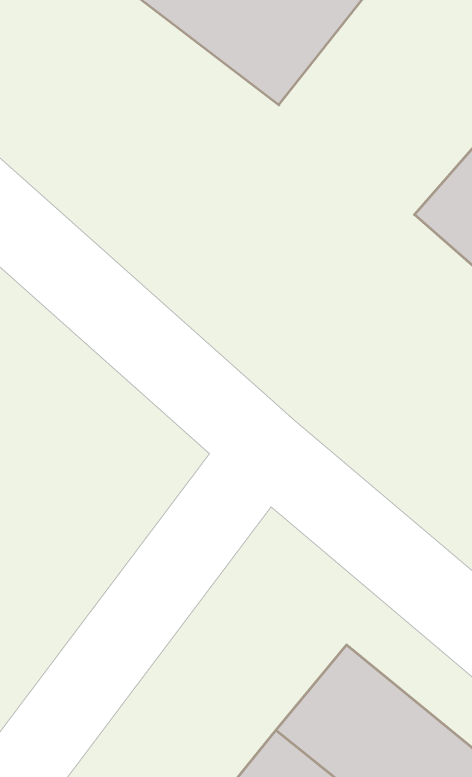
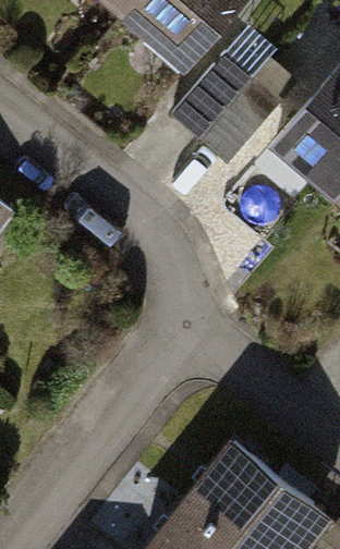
building: none -> [169,28,295,157]

